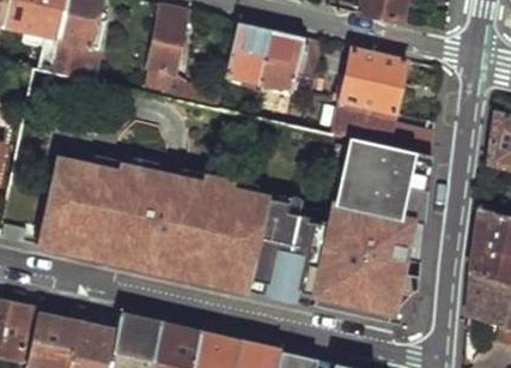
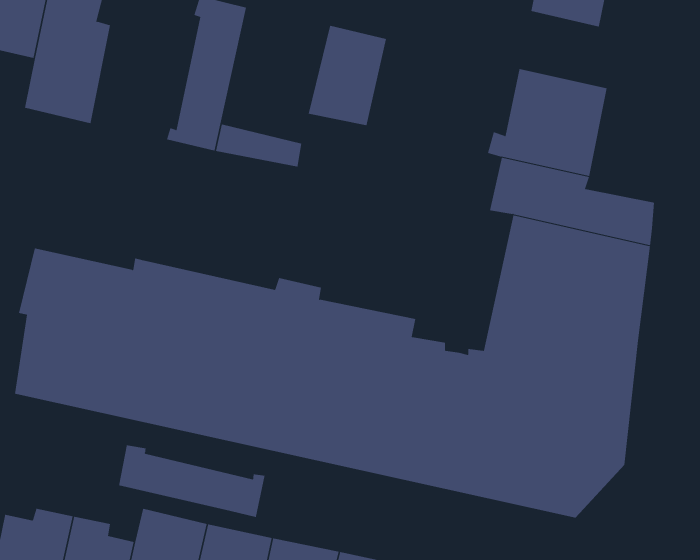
building: [258,30,323,91] -> none
building: none -> [118,445,265,518]

